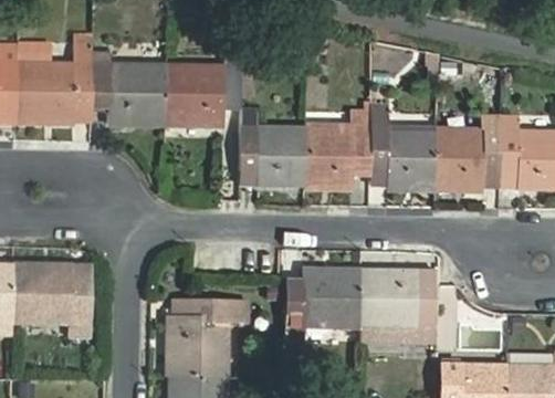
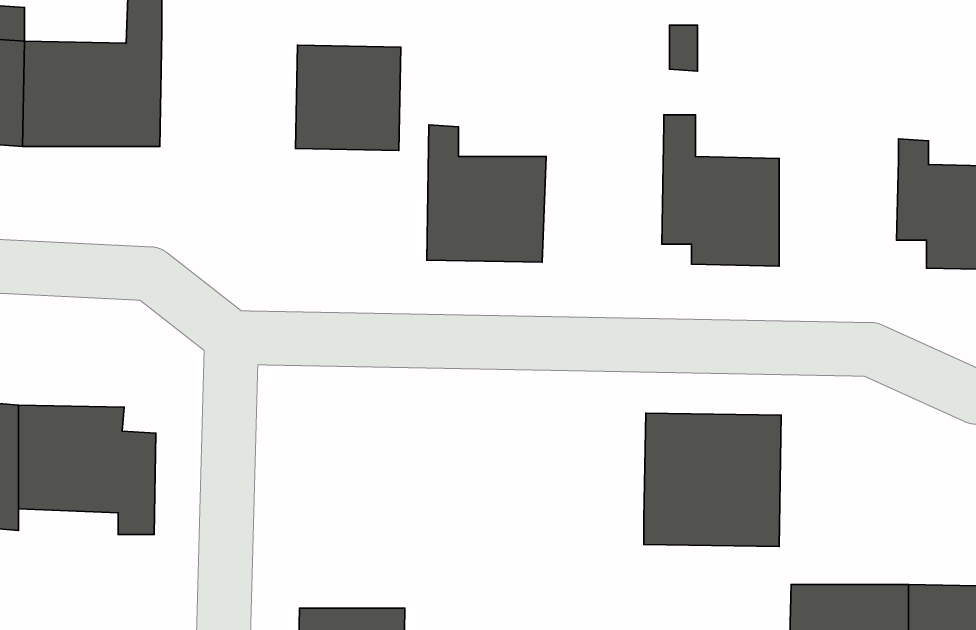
building: [93,51,168,122] -> none
building: [304,108,371,186] -> none
building: [436,127,502,188] -> none
building: [285,268,362,349] -> none
building: [169,301,237,377] -> none

